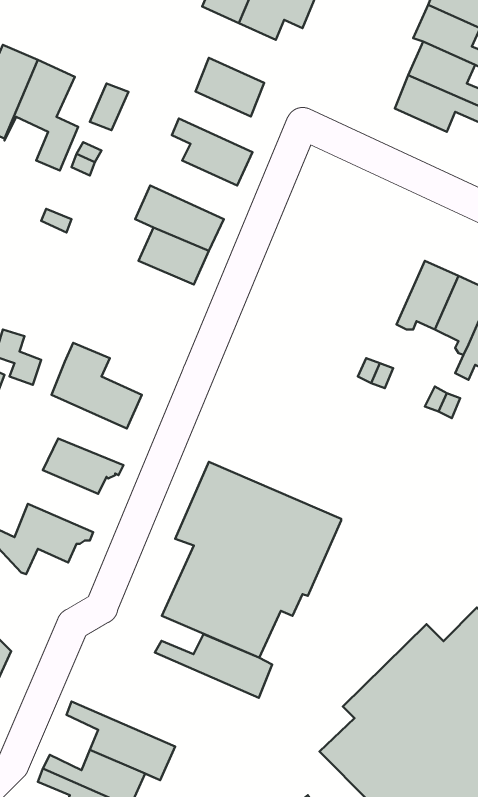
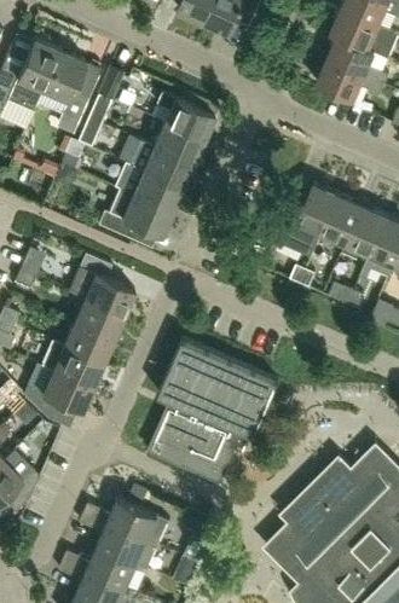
building: [195,58,264,116] -> [154,122,203,164]
building: none -> [276,184,339,256]
building: none -> [98,189,172,237]
building: none -> [68,291,123,342]
building: none -> [41,341,103,390]
building: [155,634,272,698] -> [83,499,168,545]

